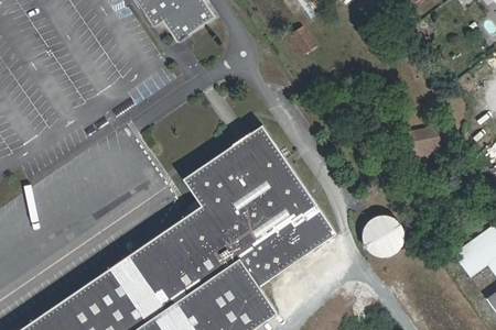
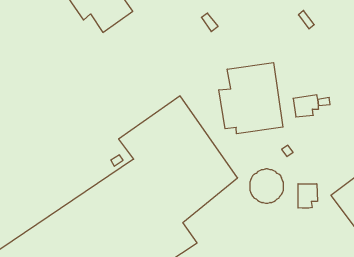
building: none -> [219,63,283,134]
building: none -> [298,184,317,208]

